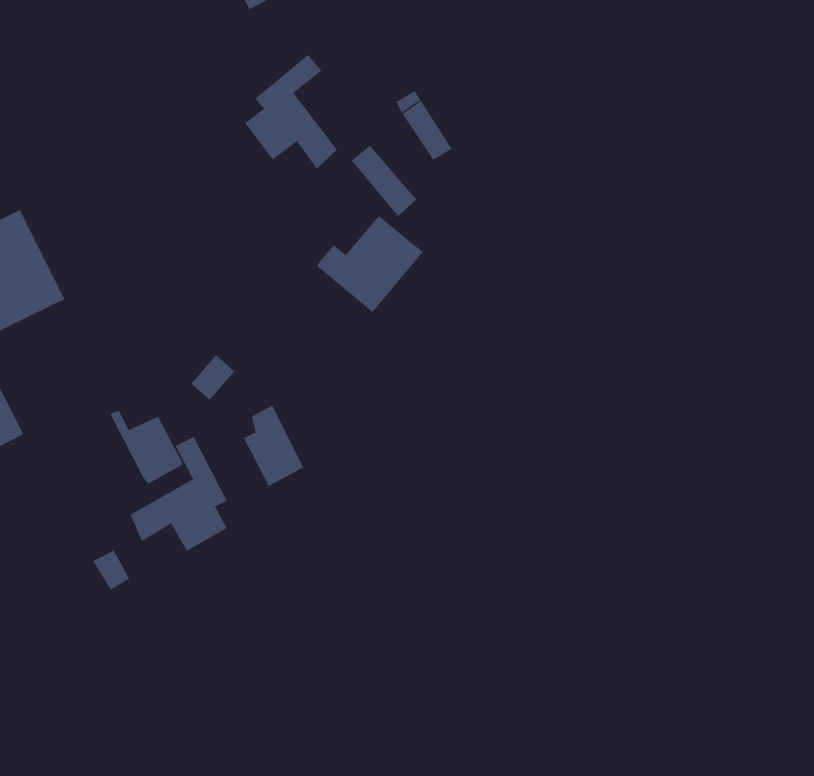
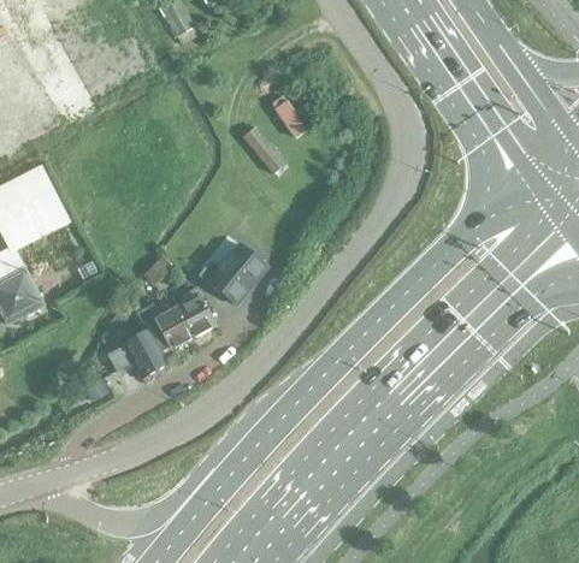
building: [244,54,338,170] -> none
building: [316,215,424,313] -> [199,243,265,303]
building: [109,410,184,484] -> [146,303,191,349]

